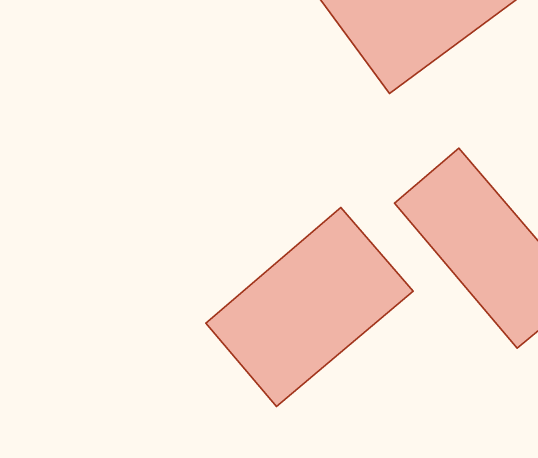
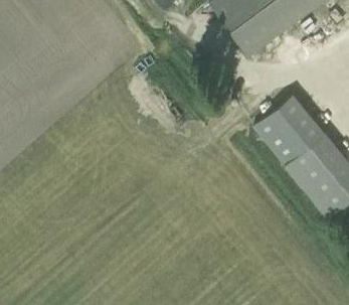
building: [206,208,413,406] -> none

